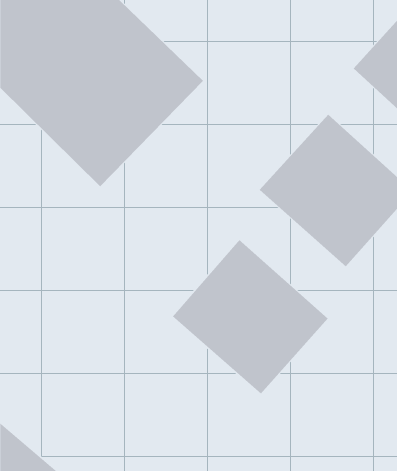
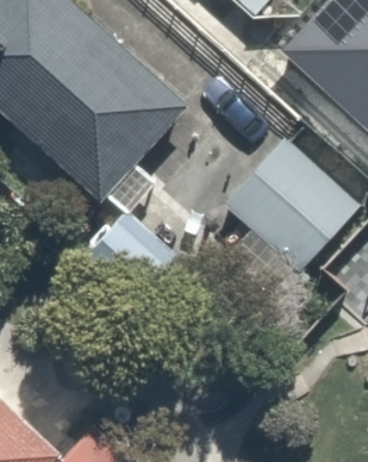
building: [172,239,329,395] -> none

